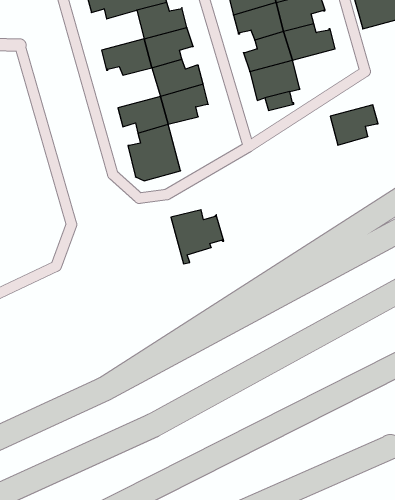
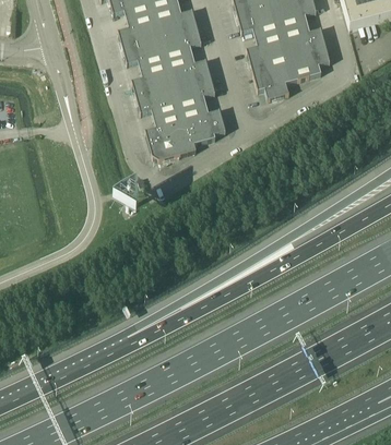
building: none -> [118,12,159,47]
building: none -> [131,62,174,97]
building: [330,105,378,145] -> [288,46,330,81]
building: [171,210,224,264] -> [180,105,226,152]

